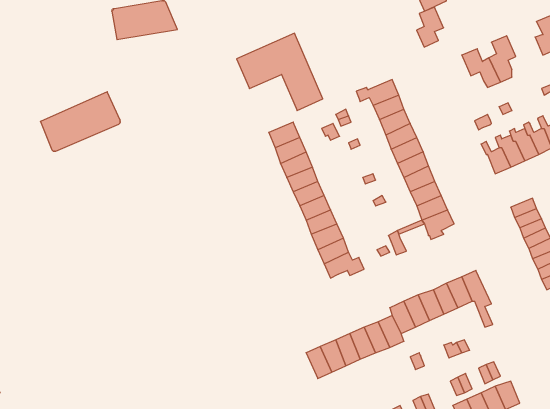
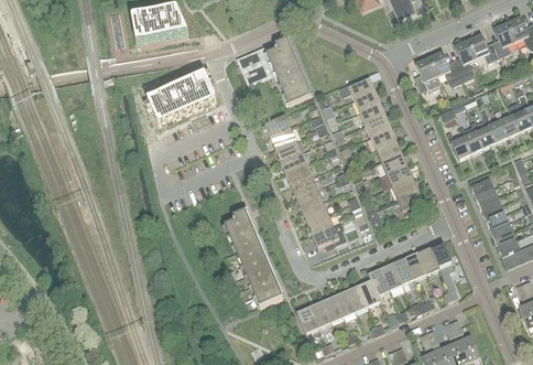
building: [417,7,444,47] -> [414,56,437,90]
building: none -> [468,33,499,62]
building: [40,92,120,151] -> [145,74,214,125]
building: none -> [224,210,281,305]

